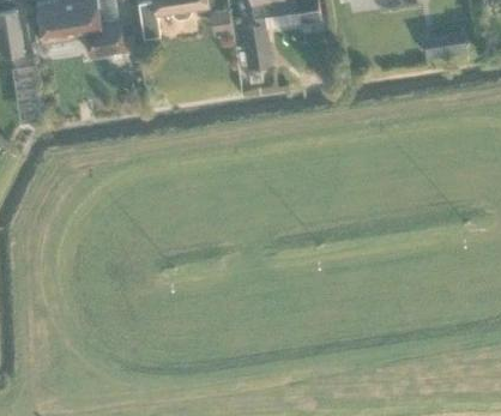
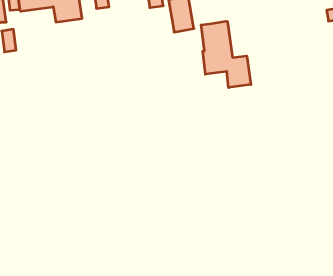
building: none -> [201,21,251,88]

